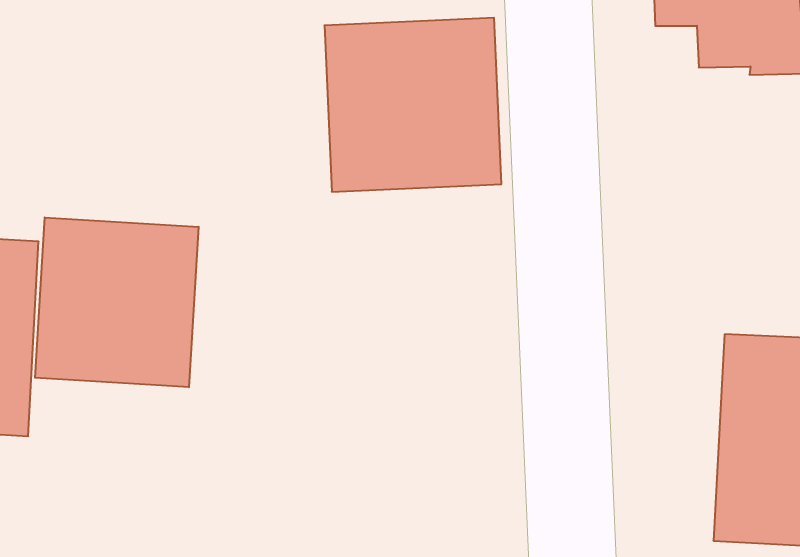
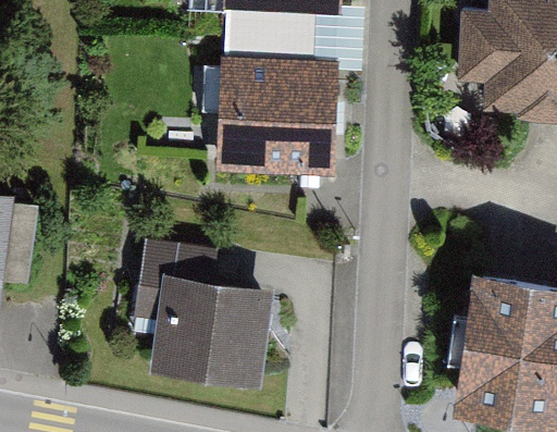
building: [35,217,199,387] -> none
building: none -> [129,243,270,385]

